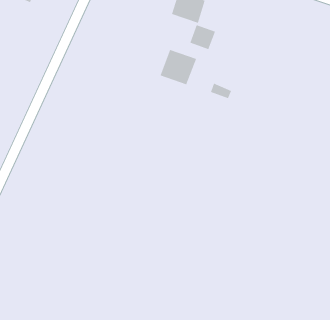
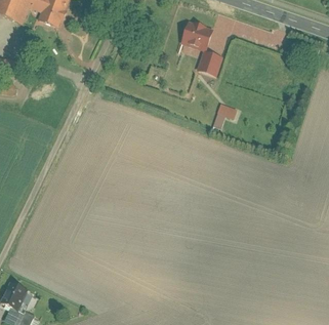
building: [160,49,197,85] -> none

